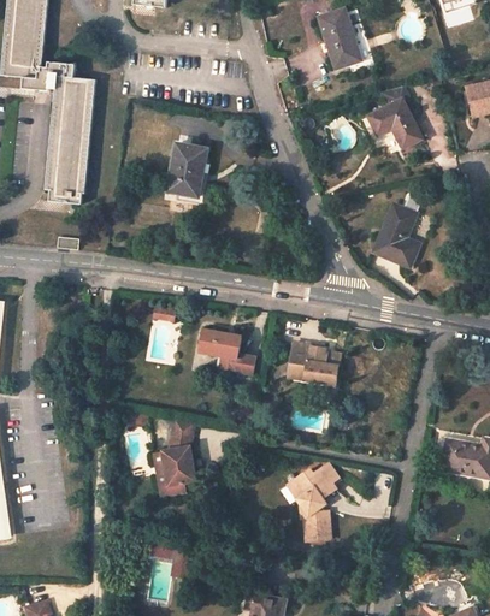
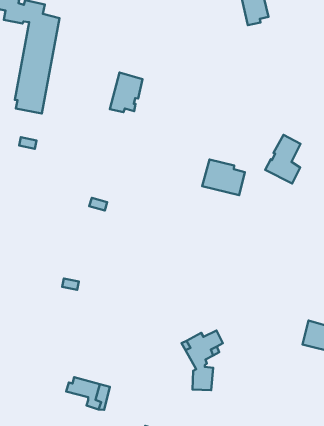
building: [367,88,421,148] -> none
building: [199,330,254,374] -> none
building: [288,342,341,384] -> [202,159,245,195]
building: [154,419,194,494] -> none

